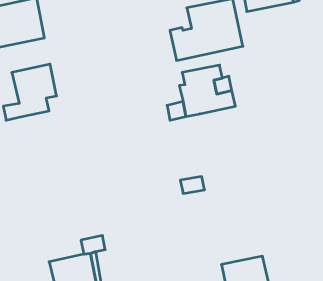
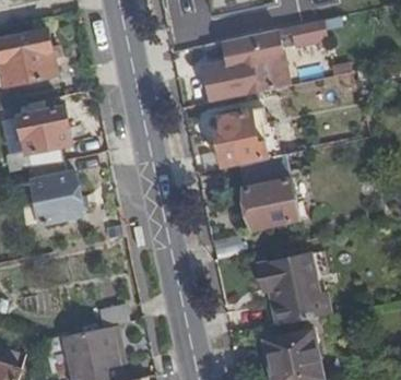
building: none -> [236,154,297,228]
building: none -> [28,161,80,223]
building: none -> [261,253,331,323]

